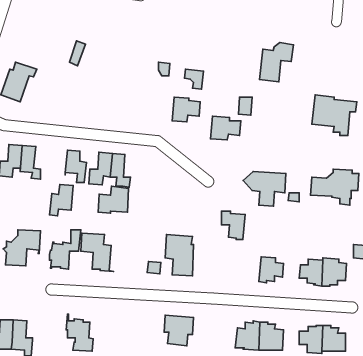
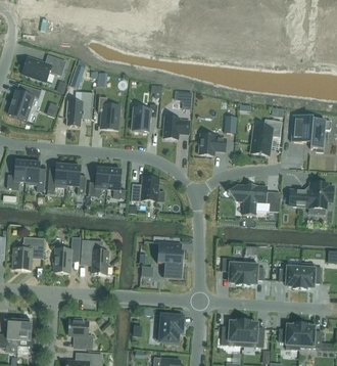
building: none -> [21,55,66,82]
building: [260,42,293,82] -> [251,120,282,155]
building: none -> [66,92,94,127]
building: none -> [97,96,119,129]
building: none -> [132,104,157,132]
building: [50,184,73,216] -> [47,164,68,192]
building: [98,186,128,213] -> [131,177,158,201]
building: [222,211,245,239] -> [223,259,244,284]

